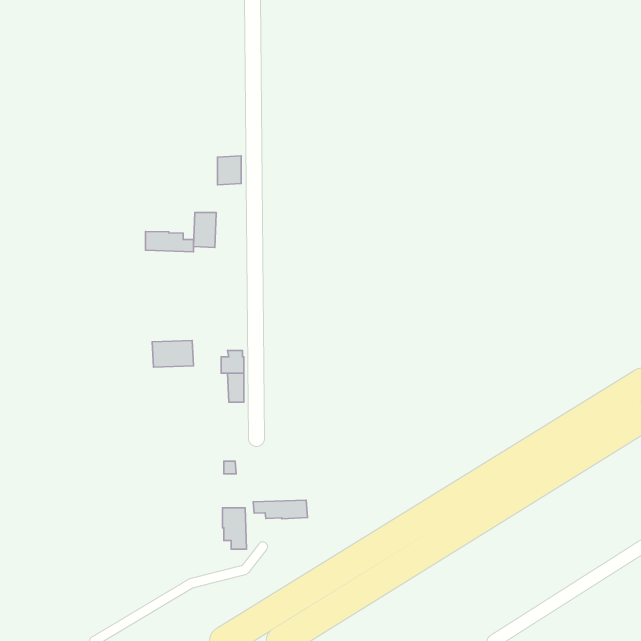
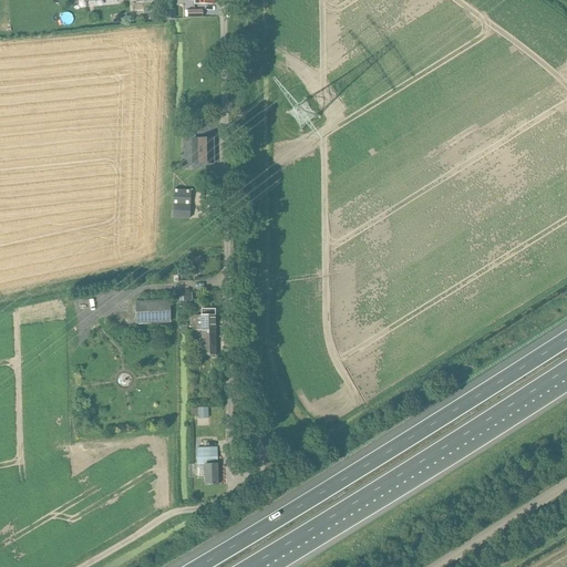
building: [145,232,194,252] -> none
building: [253,500,308,519] -> none

